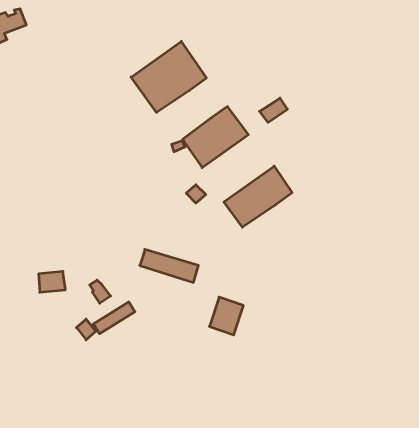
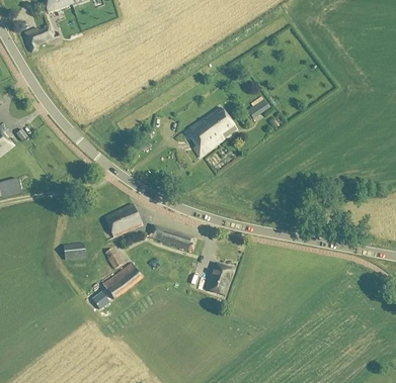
building: [131,41,206,112] -> none
building: [224,166,292,227] -> none
building: none -> [105,204,142,236]

